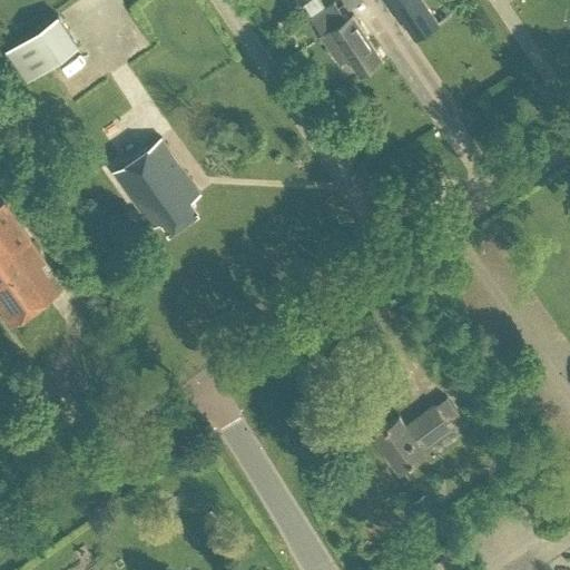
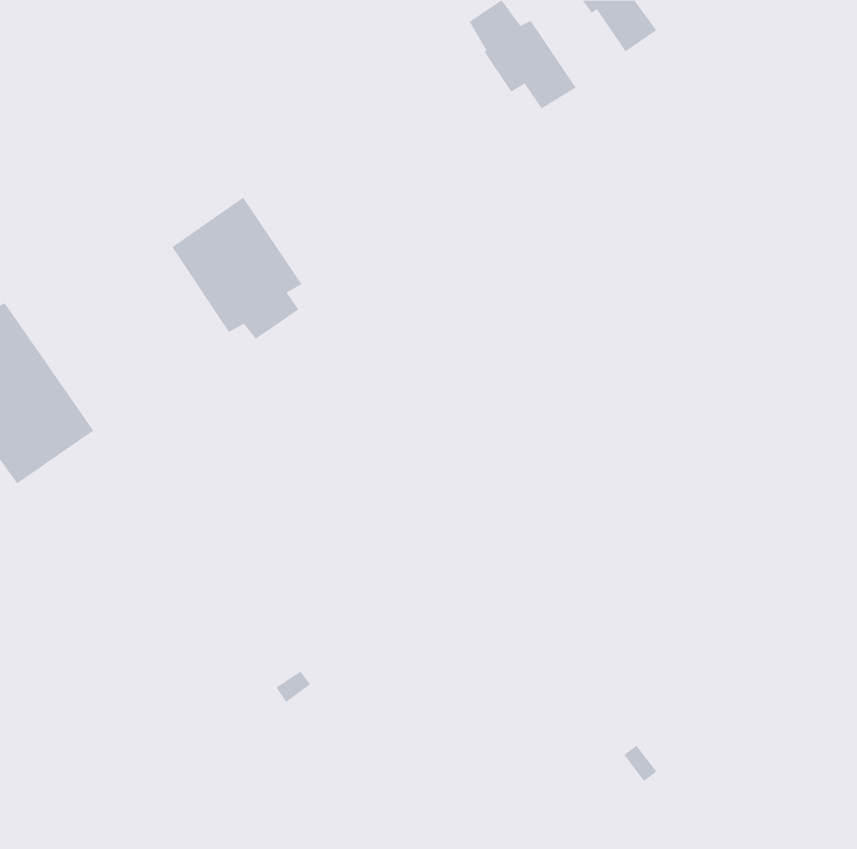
building: [6,20,77,86] -> none
building: [374,411,450,473] -> none

